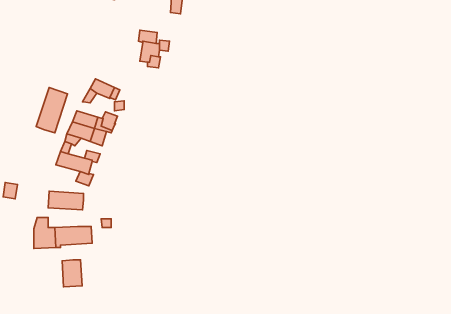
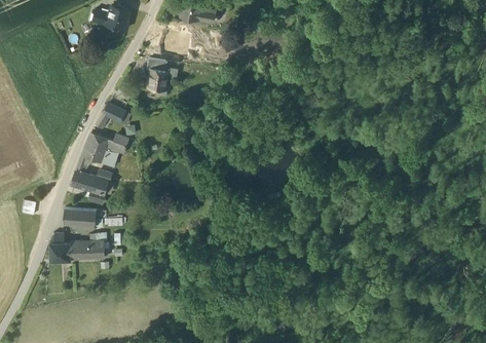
building: [36,88,68,133] -> none
building: [62,260,82,287] -> none

